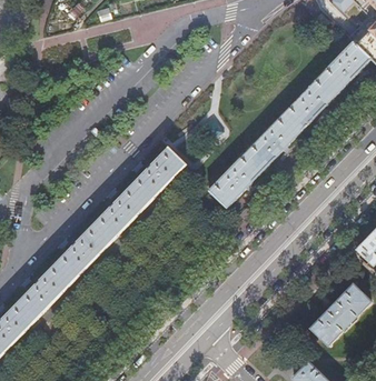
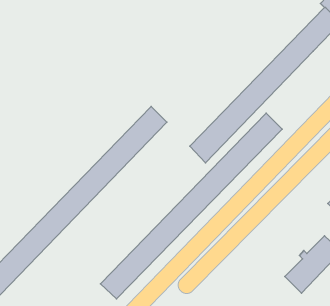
building: none -> [101,113,282,299]

